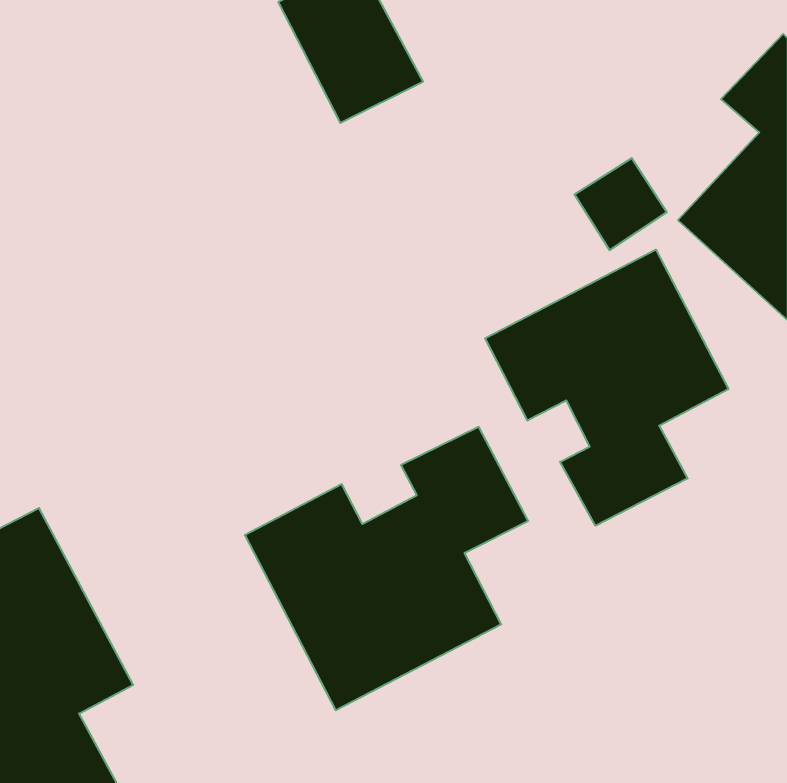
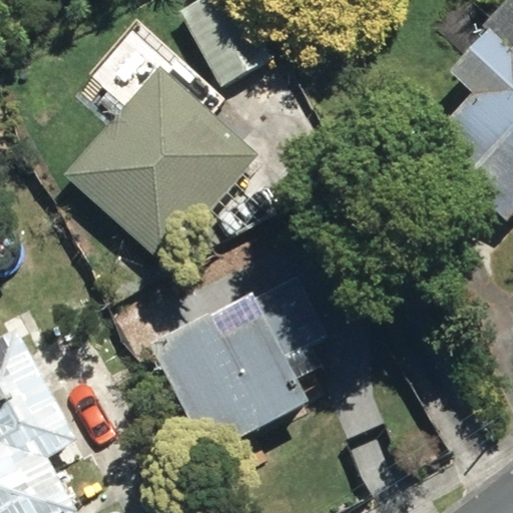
building: none -> [63,65,256,259]
building: [485,250,728,526] -> none

